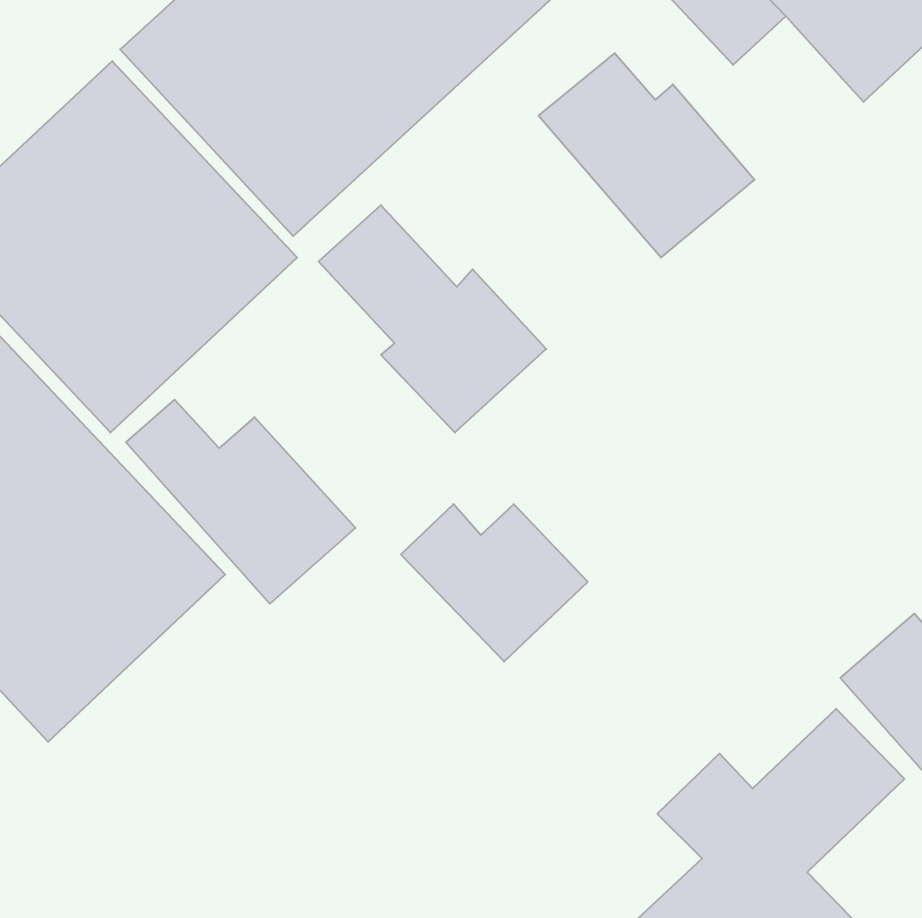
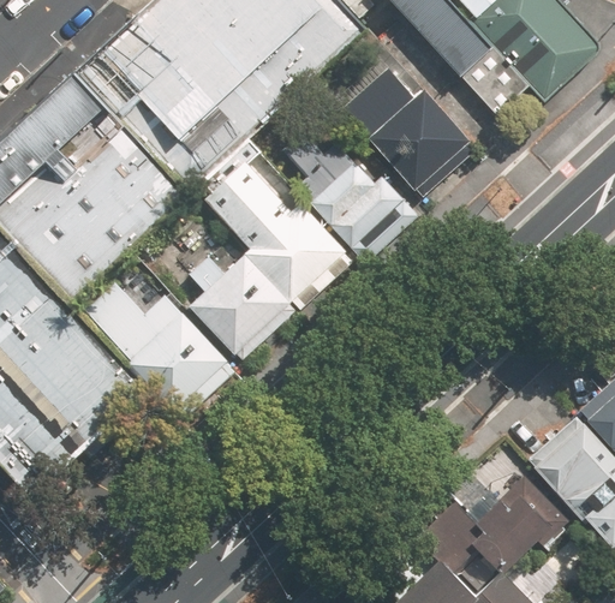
building: none -> [460,44,527,112]
building: none -> [280,129,417,259]
building: [401,504,588,662] -> [173,253,288,351]

